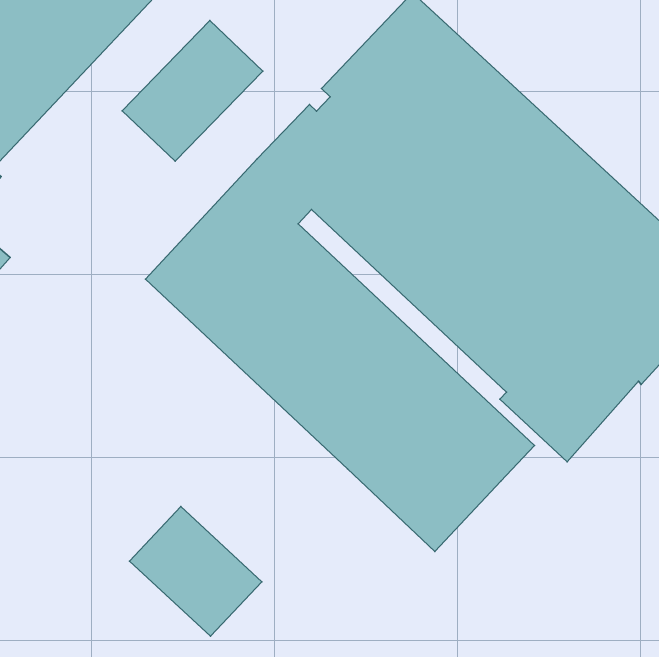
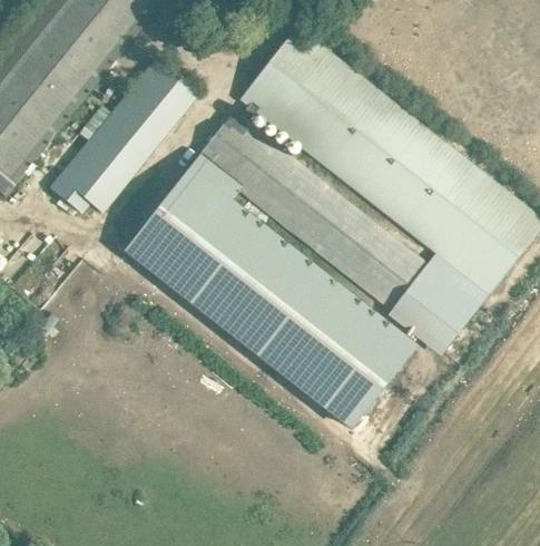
building: none -> [49,129,138,214]
building: [130,507,262,636] -> none

